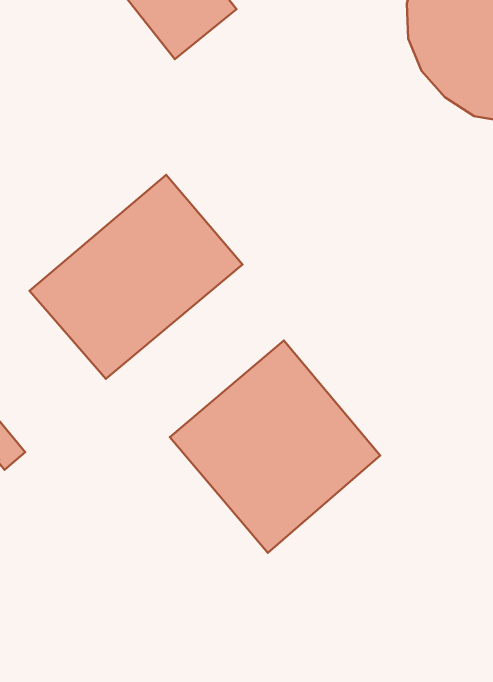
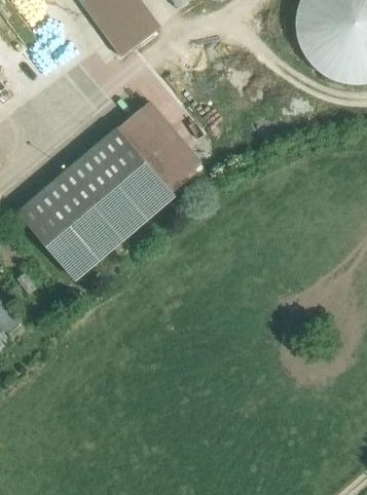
building: none -> [118,110,196,194]
building: [170,341,380,553] -> none

